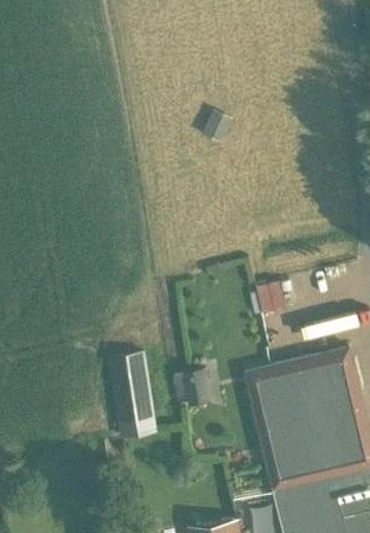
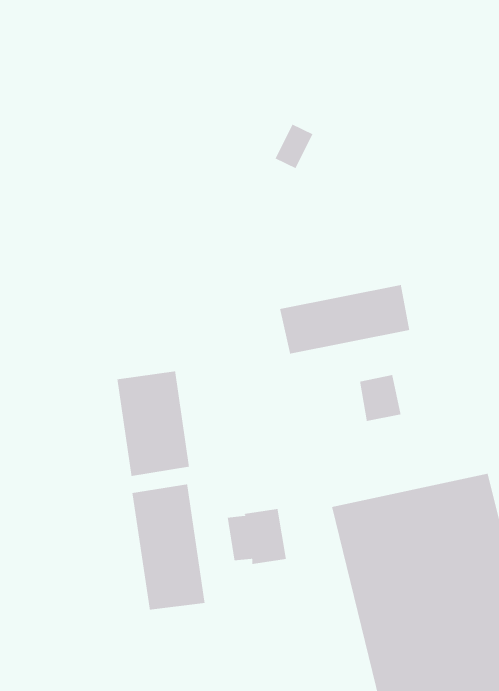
building: none -> [279,284,410,354]
building: none -> [117,371,190,477]

